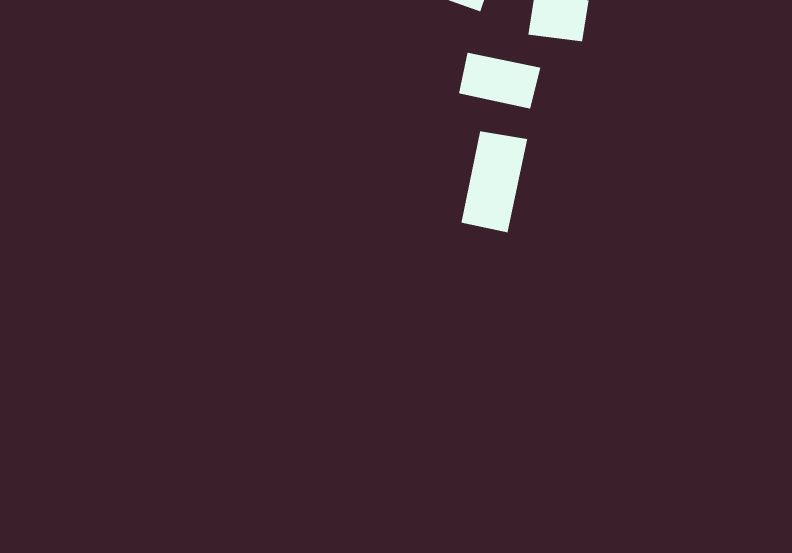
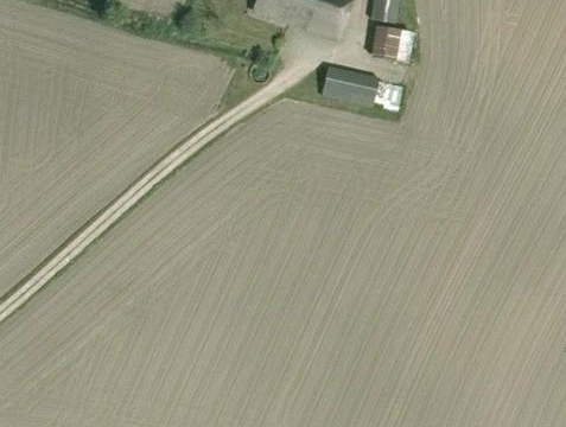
building: [461,131,528,233] -> none

